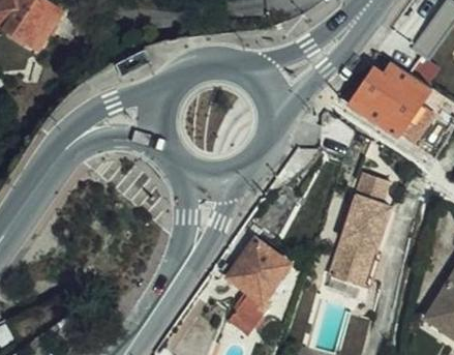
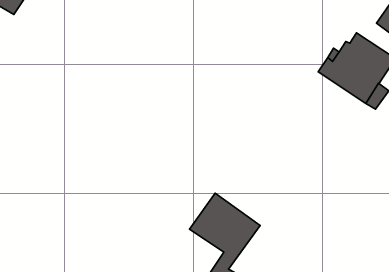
building: [331,176,395,288] -> none

